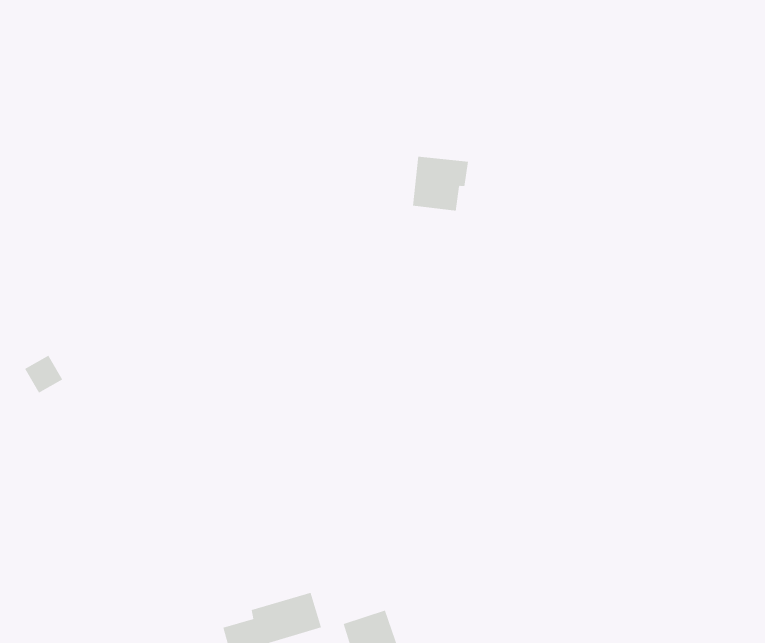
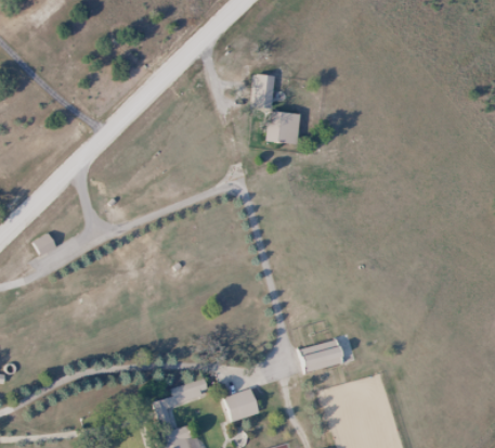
building: none -> [256,74,275,107]
building: none -> [299,343,343,373]

